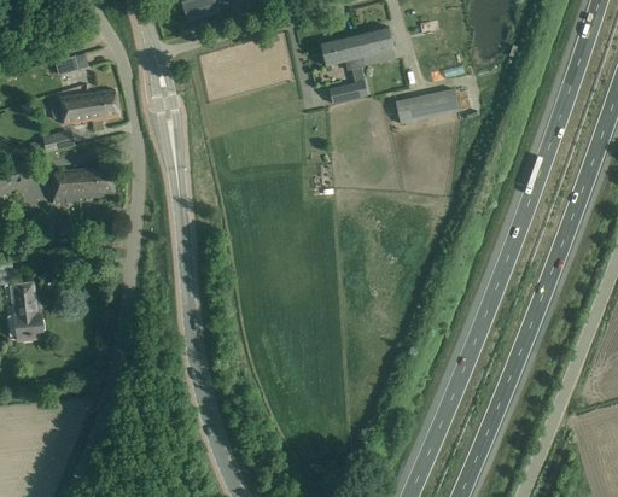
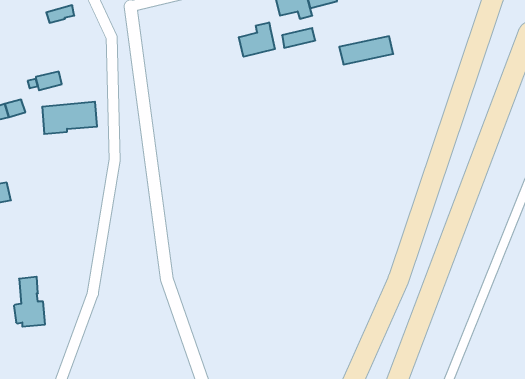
building: none -> [239,22,275,57]
building: [59,88,118,124] -> none
building: [6,282,42,340] -> [14,277,45,327]

